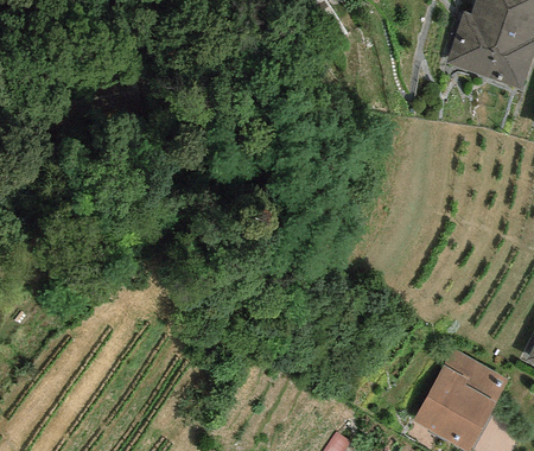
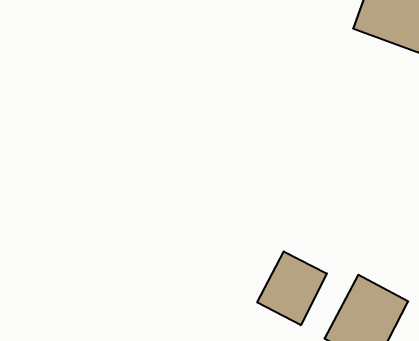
building: none -> [257,251,327,325]

